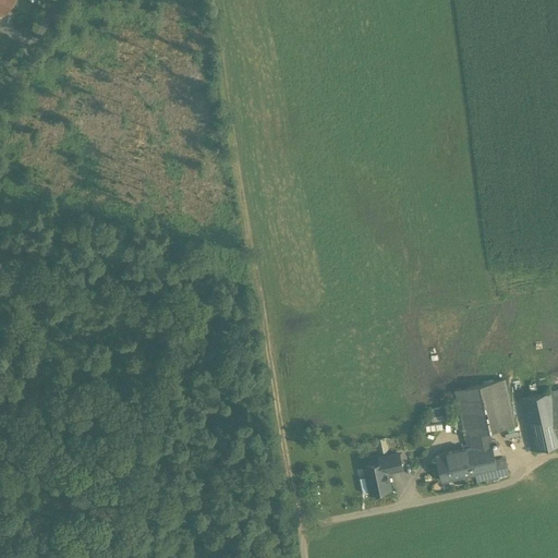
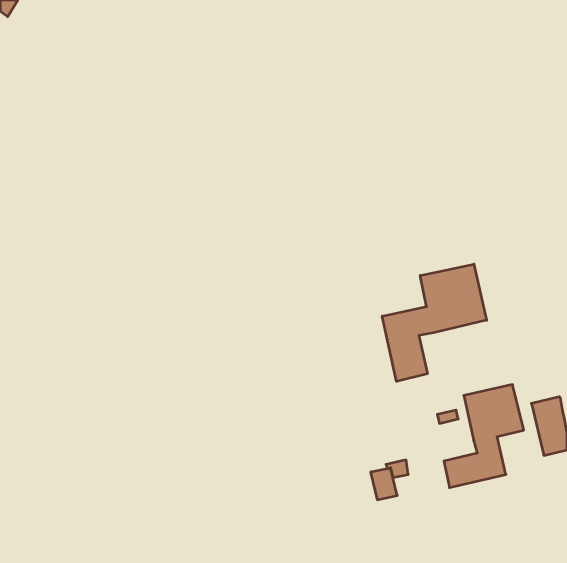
building: none -> [382,264,487,381]

